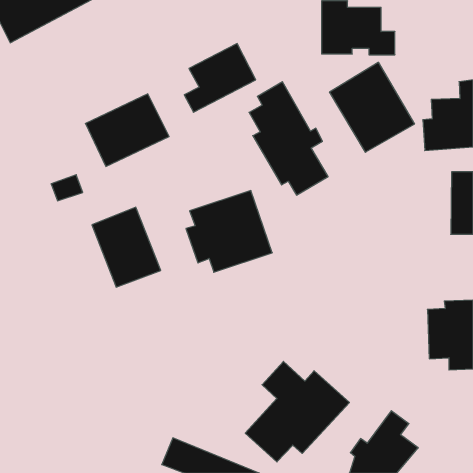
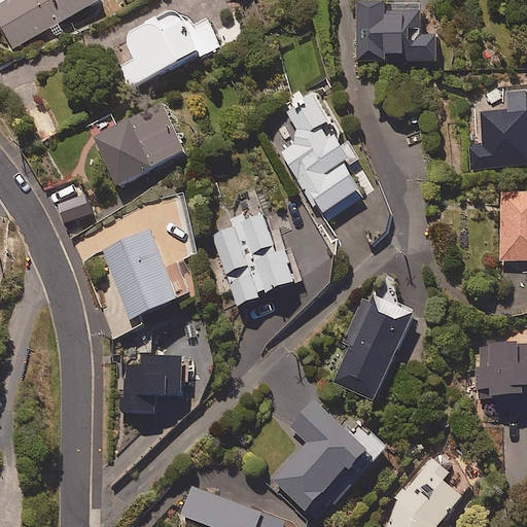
building: [184,44,256,112] -> [120,10,200,86]
building: [330,62,414,152] -> none
building: none -> [331,291,414,400]
building: none -> [124,356,184,412]

